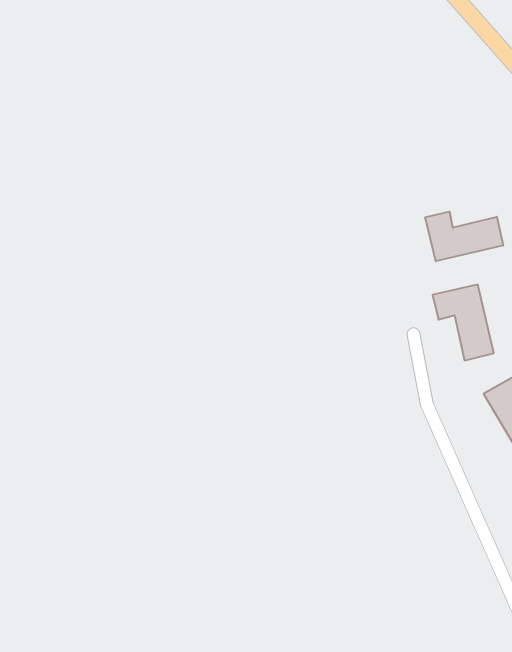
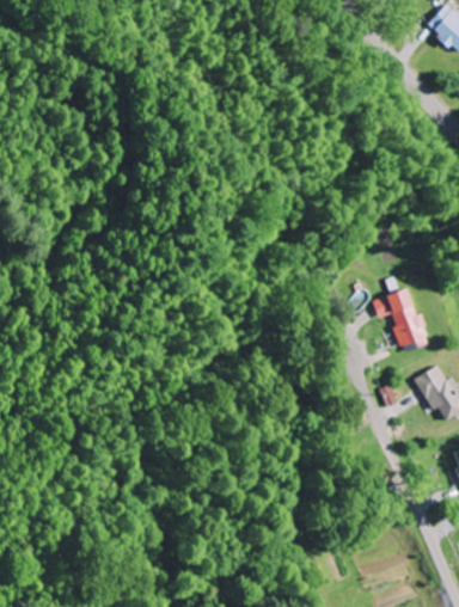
building: [425,212,503,261] -> none

